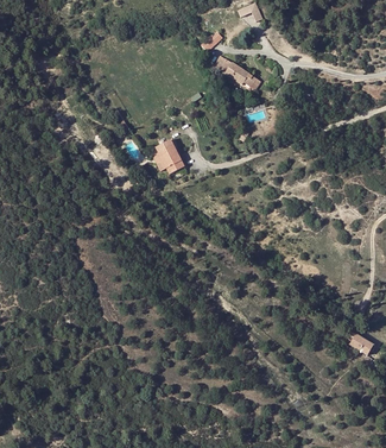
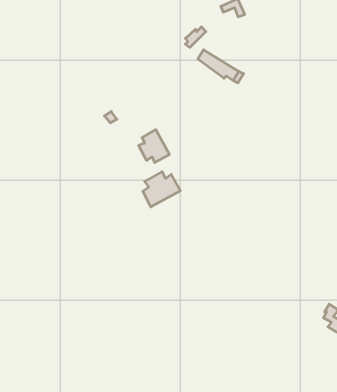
building: none -> [143,172,180,207]

